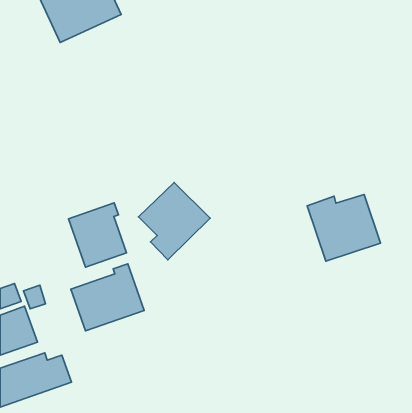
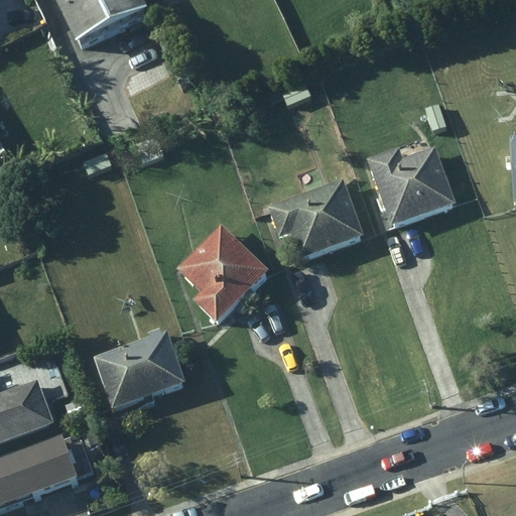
building: none -> [267,178,363,260]
building: [307,194,381,261] -> [367,145,458,228]
building: [68,203,127,267] -> none

